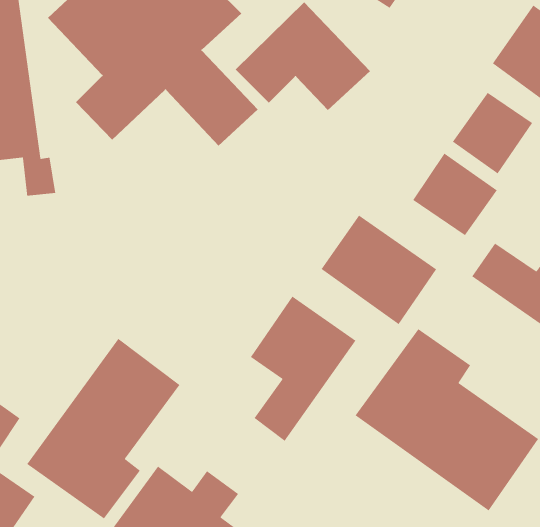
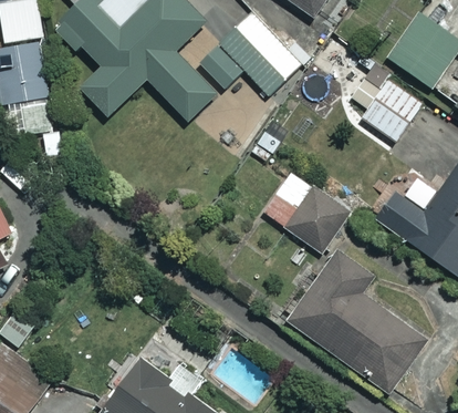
building: [412,153,498,236] -> none
building: [250,295,357,442] -> none
building: [26,338,181,520] -> none

